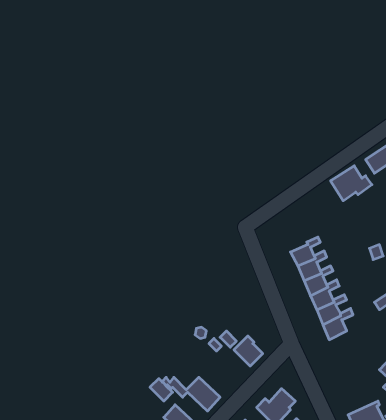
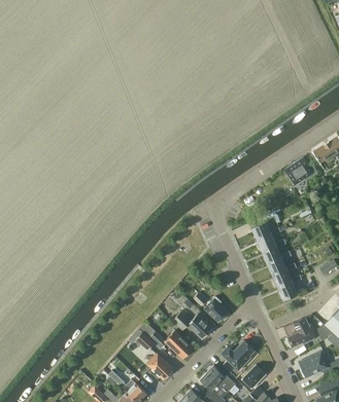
building: none -> [172,310,212,339]
building: none -> [284,318,317,346]

